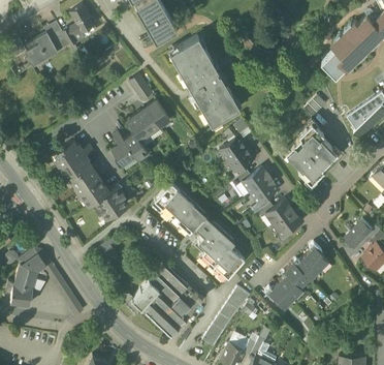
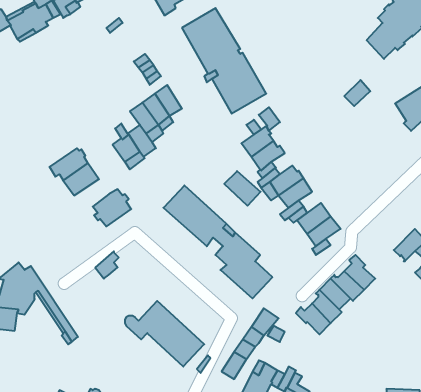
building: [284,123,337,184] -> none
building: [53,140,83,169] -> none
building: none -> [224,171,261,206]
building: [79,179,108,206] -> none
building: [149,264,202,317] -> none

